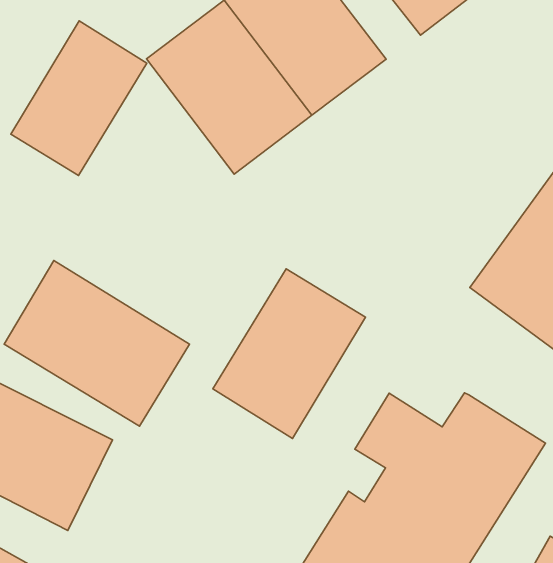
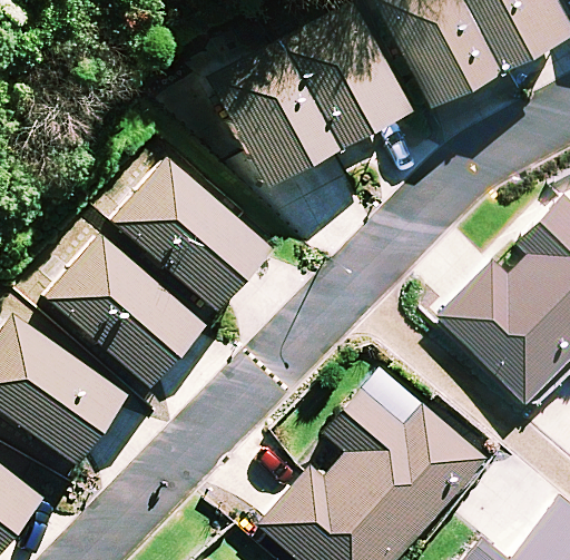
building: [11,21,147,175] -> none
building: none -> [112,157,269,310]
building: [213,269,365,439] -> none

